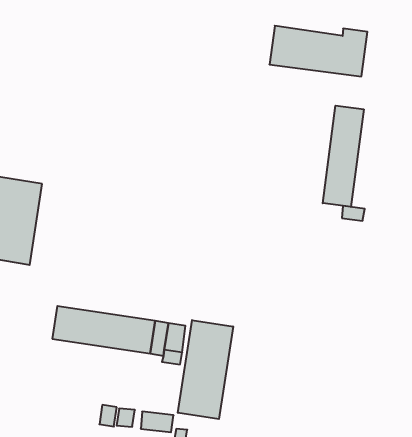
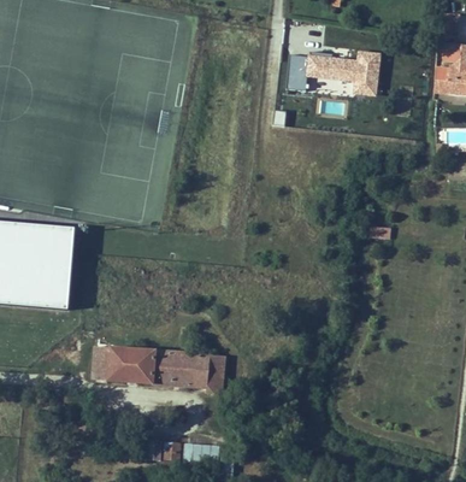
building: [323,106,364,207] -> none
building: [178,320,233,419] -> none

